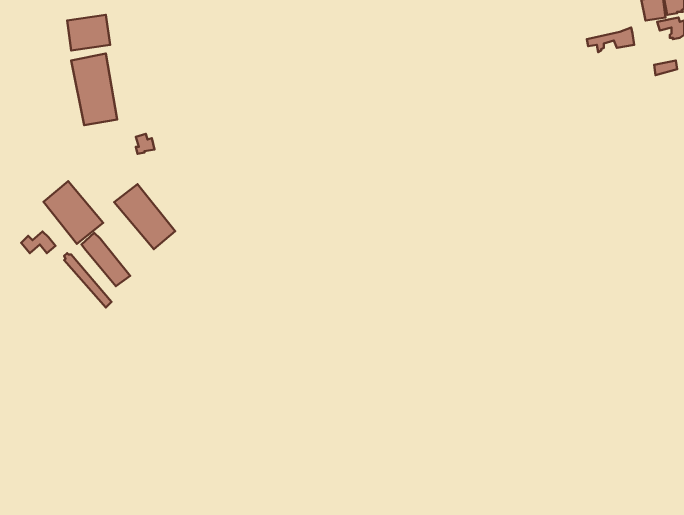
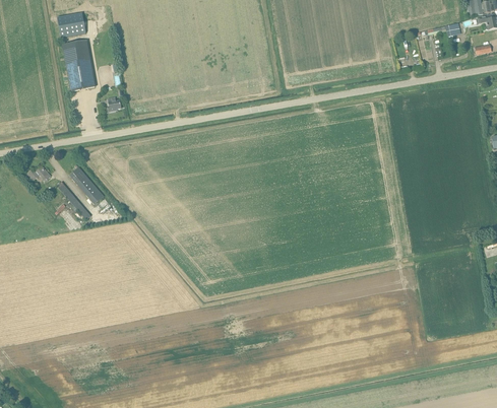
building: [44,181,103,244] -> none
building: [114,184,175,249] -> none

